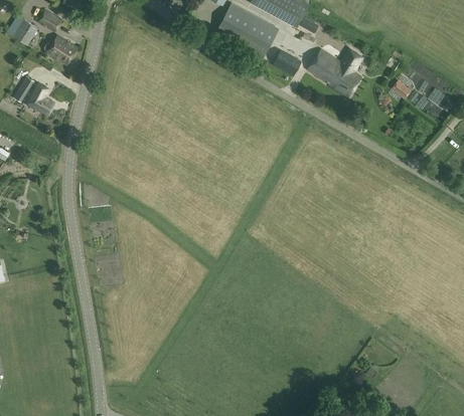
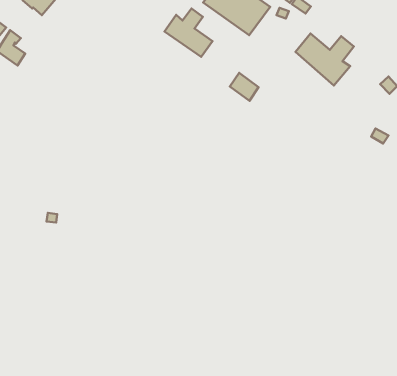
building: none -> [164,9,212,57]
building: [274,51,301,76] -> [230,73,259,101]

